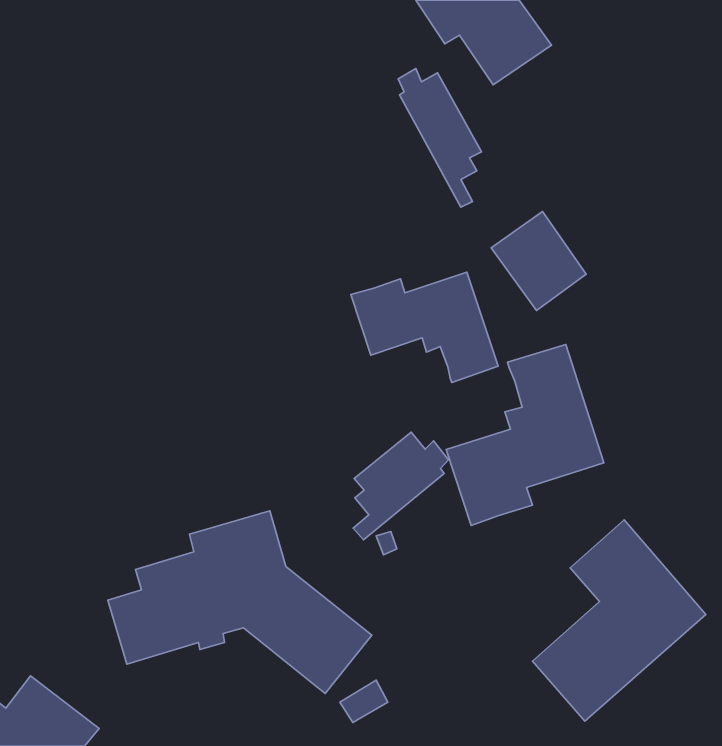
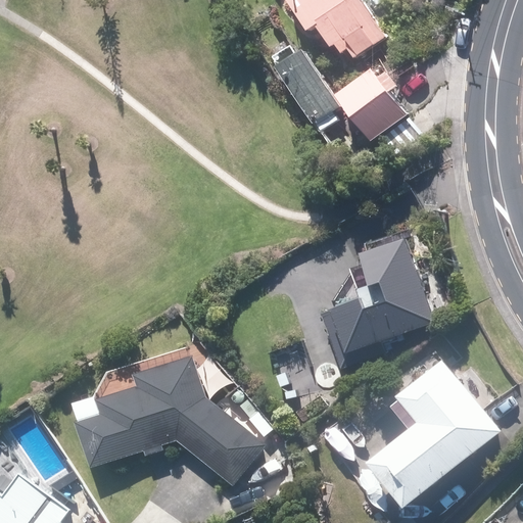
building: [491,211,586,311] -> [342,69,409,139]
building: [351,272,498,383] -> none
building: [353,432,449,540] -> none

